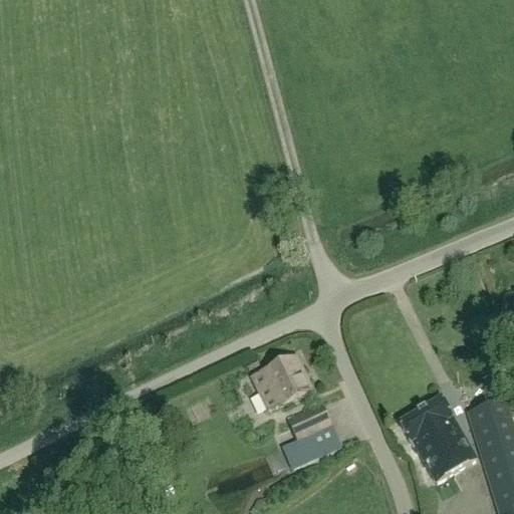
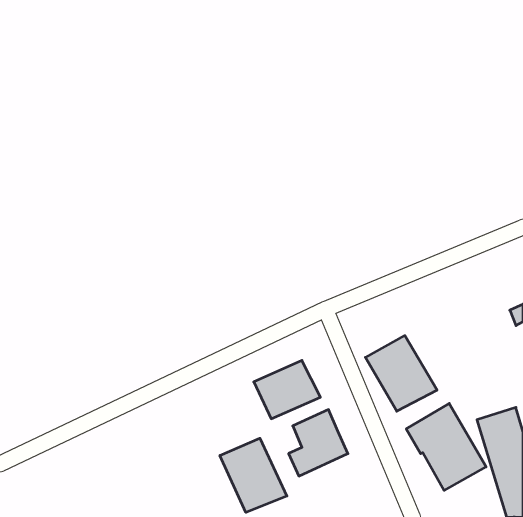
building: none -> [365,336,437,411]
building: none -> [220,438,287,512]

